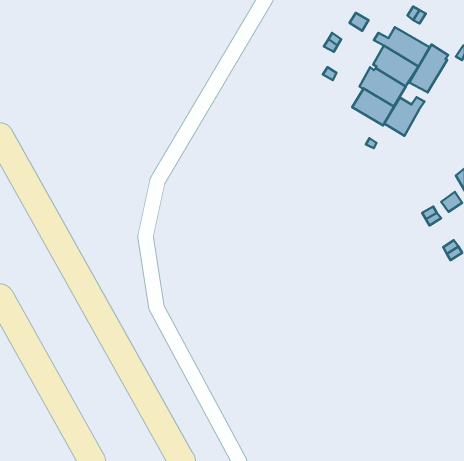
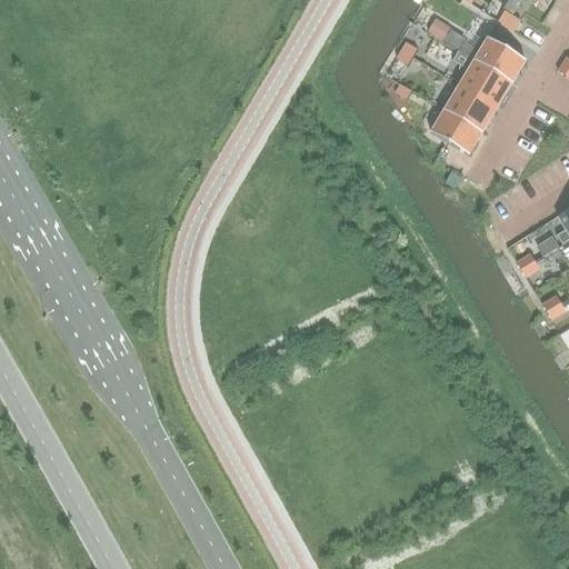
building: [409,45,448,93] -> none
building: [384,97,424,136] -> none

